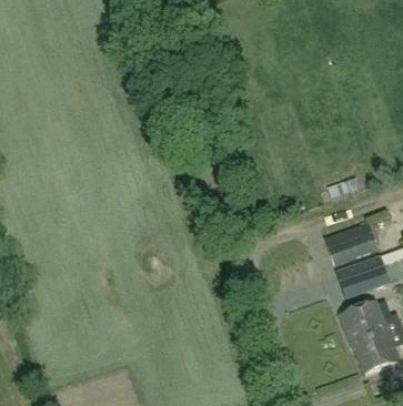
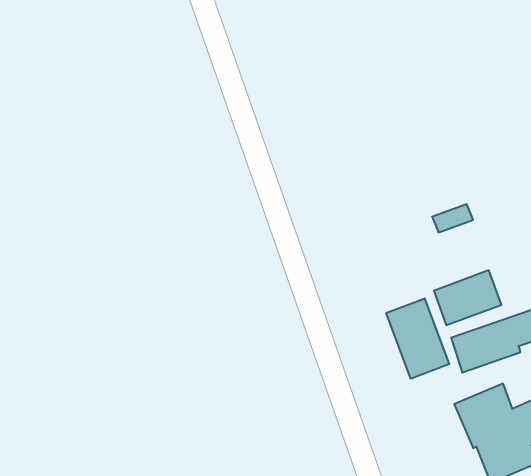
building: none -> [386,298,449,379]

